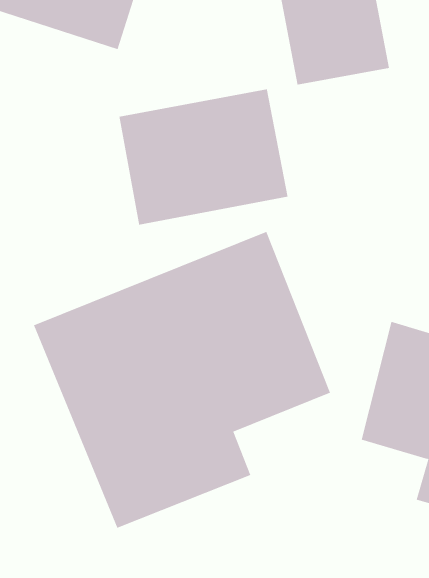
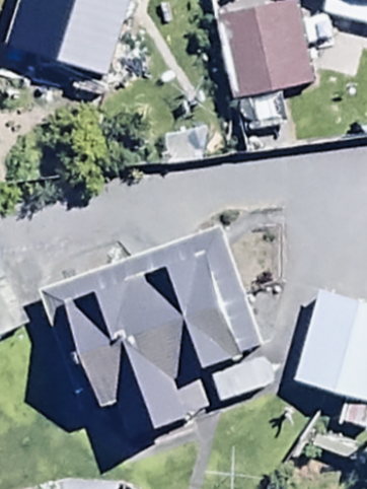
building: [119,89,288,225] -> none

